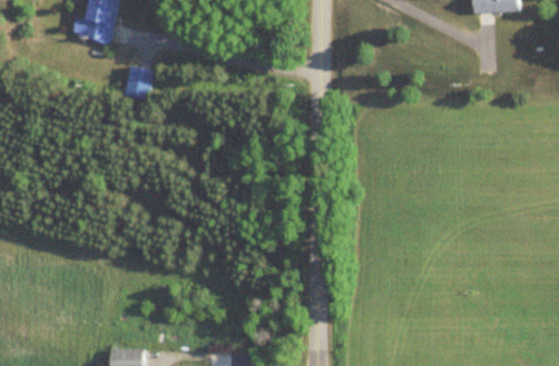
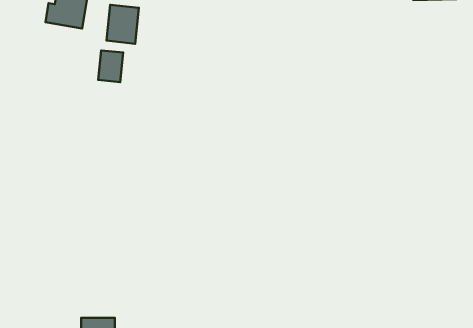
building: none -> [106,5,139,44]

